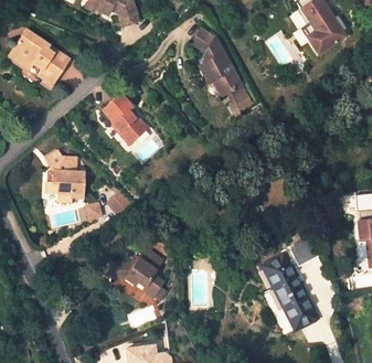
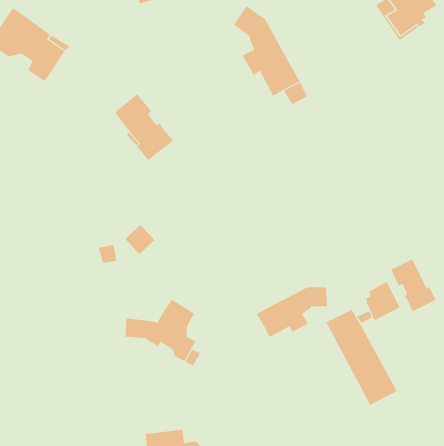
building: [44,150,85,203] -> none
building: none -> [391,259,436,312]
building: none -> [256,287,328,338]

